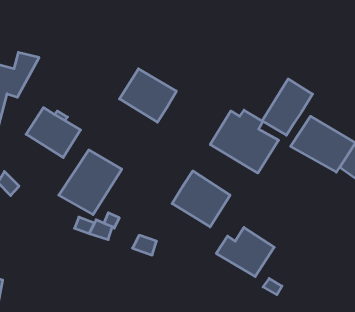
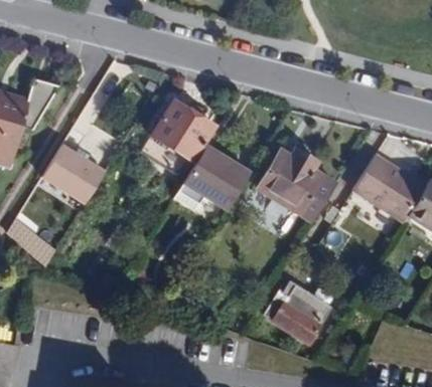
building: [262,79,313,135] -> none
building: [59,150,122,215] -> none
building: [172,171,230,227] -> [183,145,251,210]

